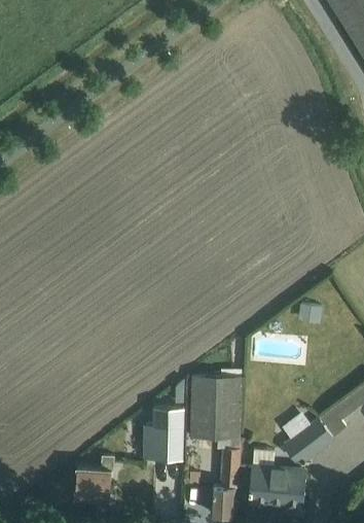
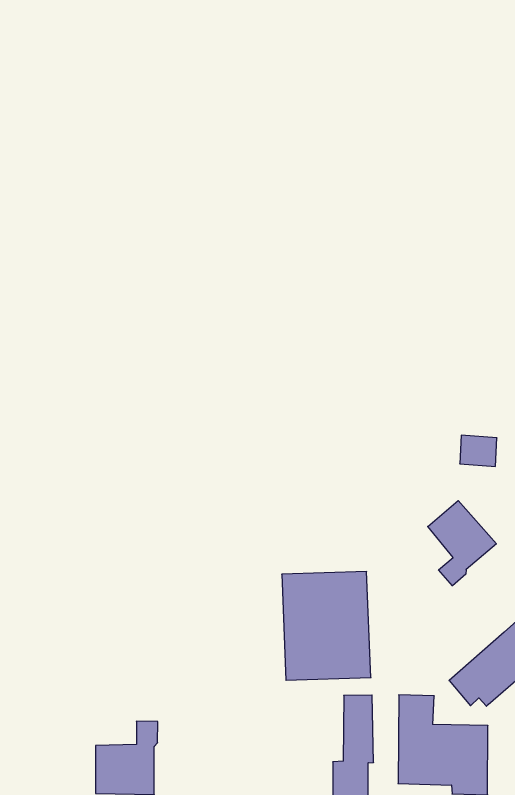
building: none -> [428,501,496,586]
building: [144,407,183,459] -> none

